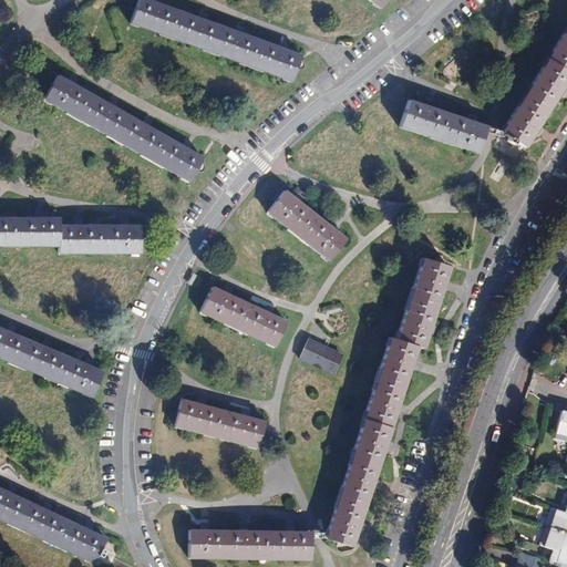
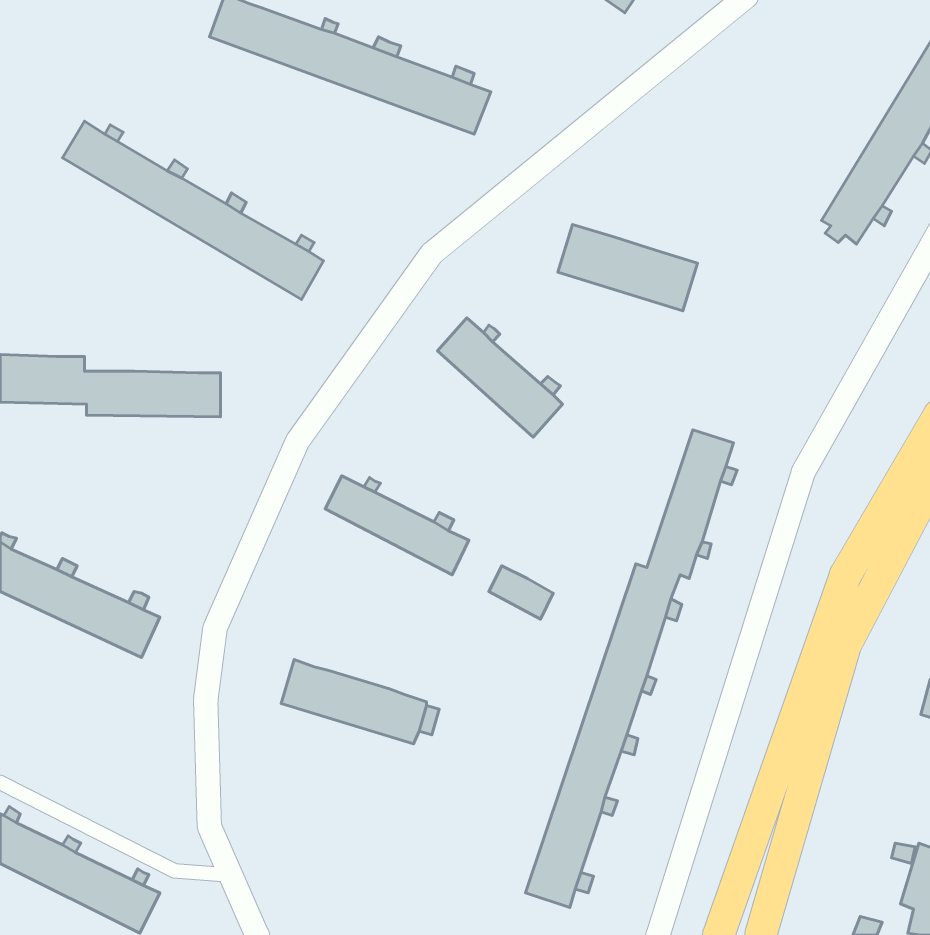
building: [408,99,492,151] -> [558,224,698,311]
building: [187,528,308,559] -> none

